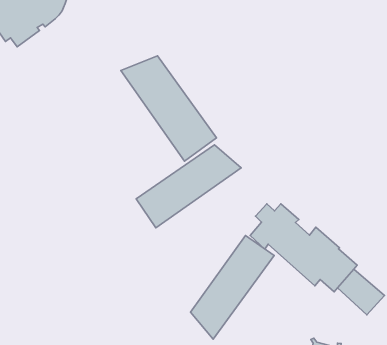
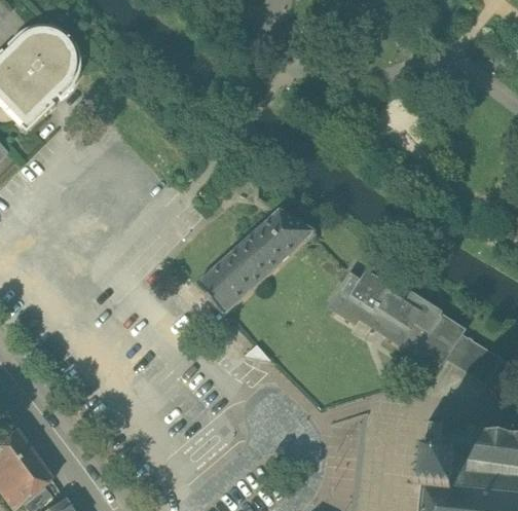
building: [121,56,217,161] -> none
building: [191,235,274,339] -> none

